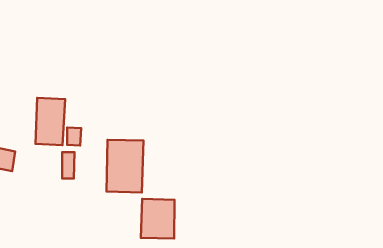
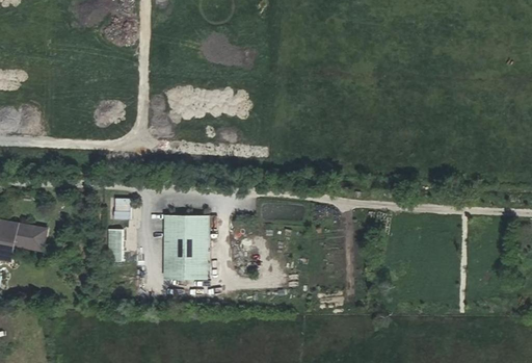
building: [35,98,65,145] -> none
building: [141,199,174,239] -> none

